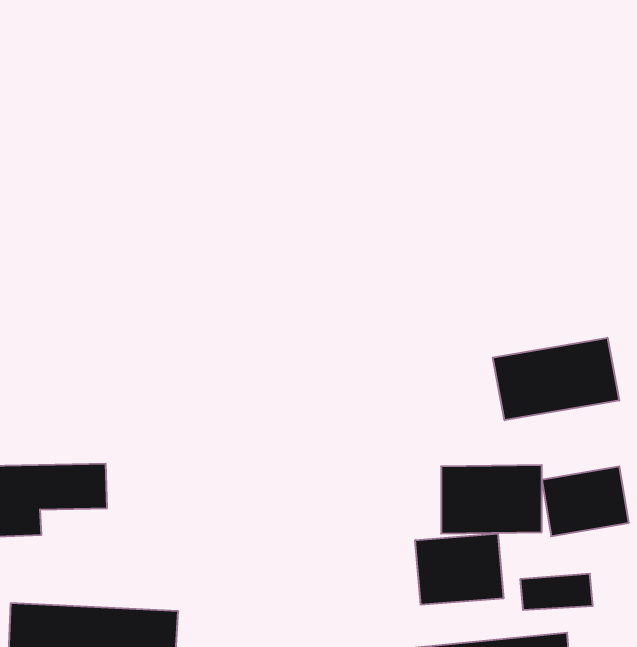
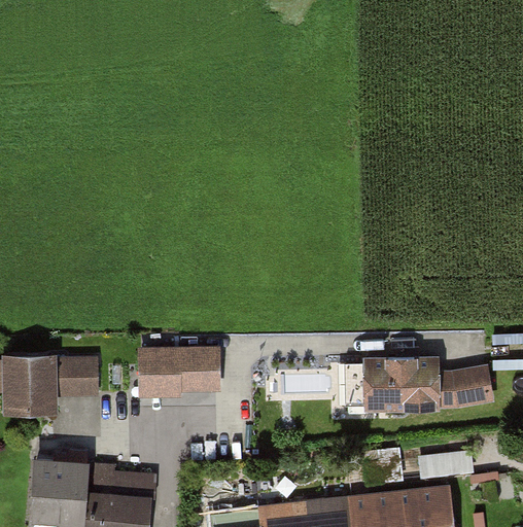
building: [493,338,619,420] -> none
building: none -> [134,343,219,393]
building: [415,534,504,605] -> none

